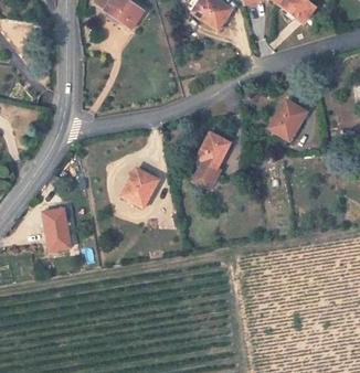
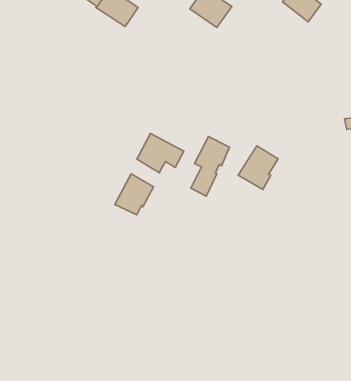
building: [267,100,305,141] -> [238,146,278,189]
building: none -> [137,133,184,173]
building: [42,209,70,251] -> none

